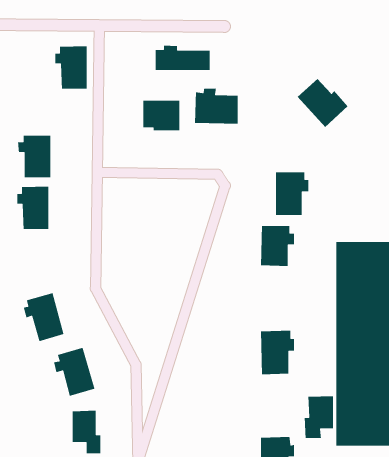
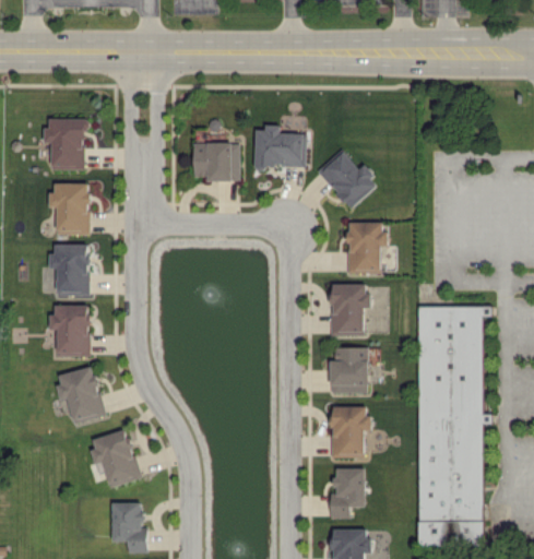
building: [155,45,210,71] -> none
building: [55,45,87,90] -> [45,117,83,168]
building: [297,78,349,128] -> [319,154,379,212]
building: none -> [50,305,88,355]
building: none -> [330,350,368,396]
building: [304,395,334,439] -> [330,471,365,521]

